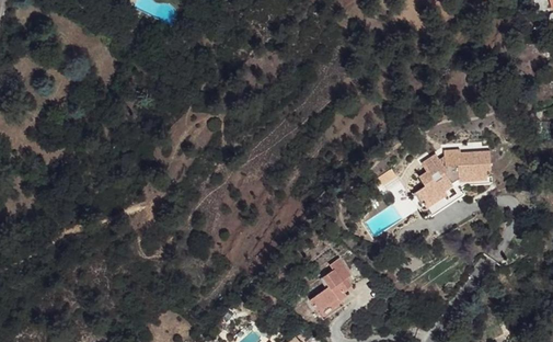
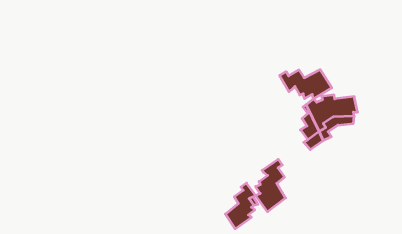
building: none -> [280,70,332,99]
building: none -> [256,159,286,212]

